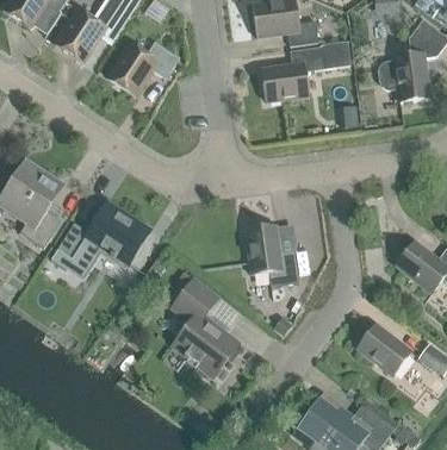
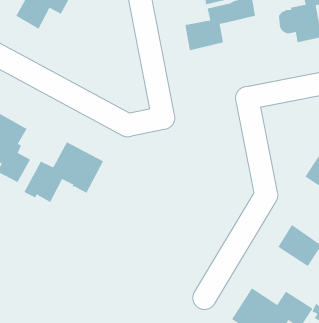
building: [107,42,180,95] -> none
building: [246,225,299,286] -> none
building: [161,270,240,377] -> none

